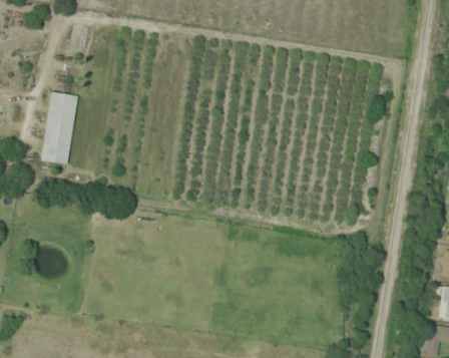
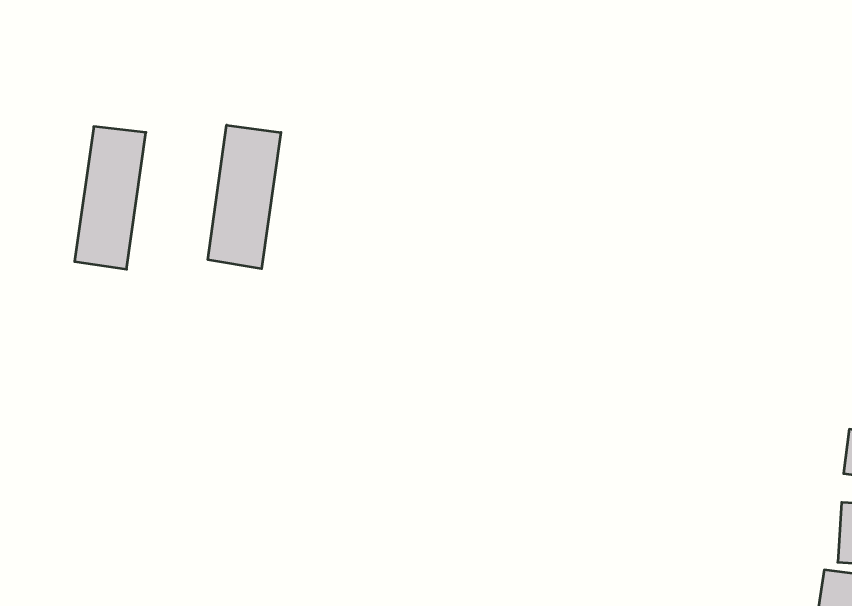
building: none -> [208,125,281,269]

